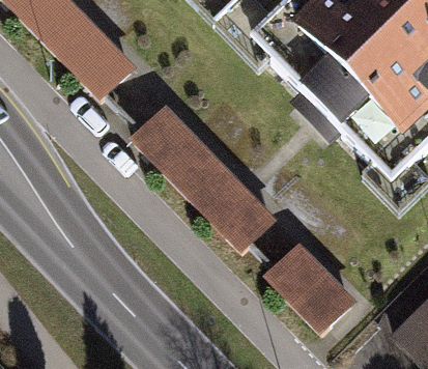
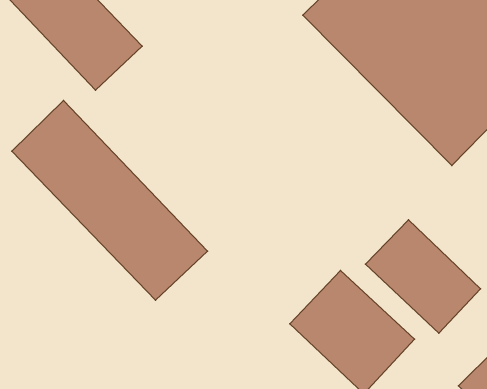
building: [132,105,288,264] -> [12,101,207,300]
building: none -> [366,220,480,333]

